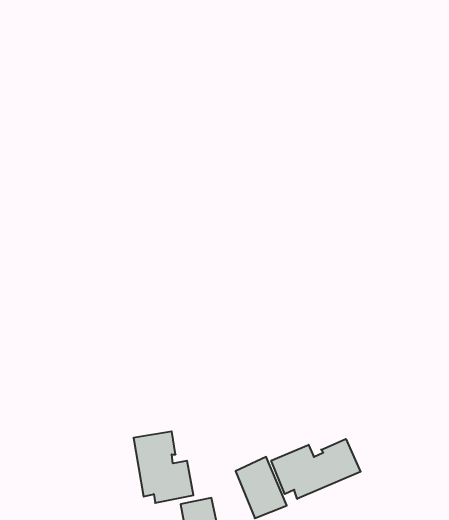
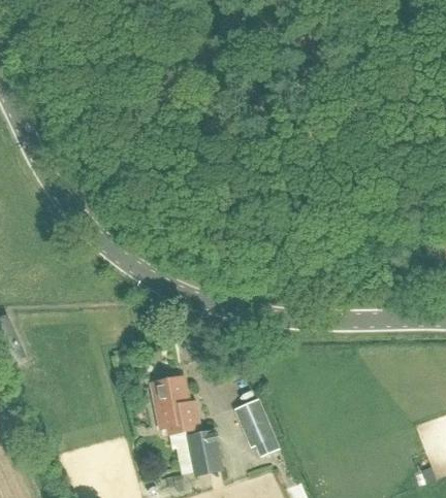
building: [271,439,361,499] -> none

